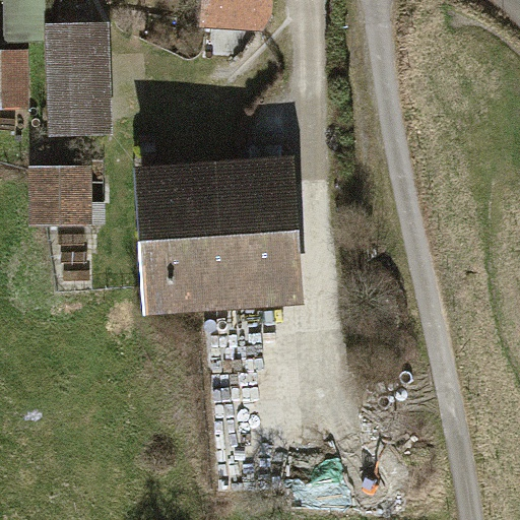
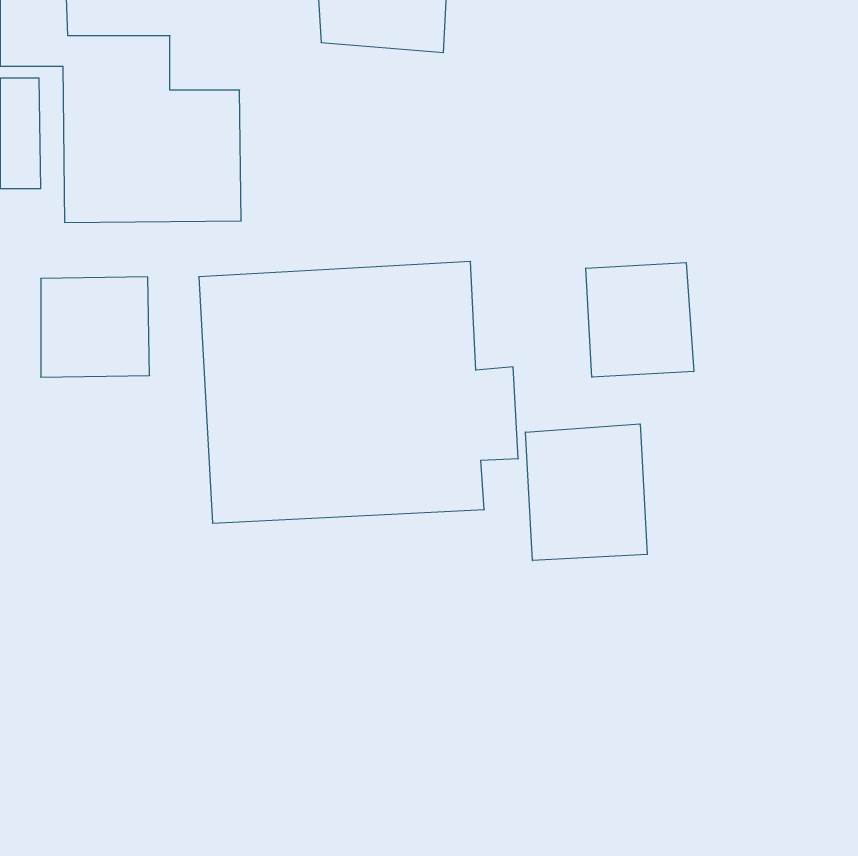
building: none -> [586,263,694,377]
building: none -> [525,424,647,561]

